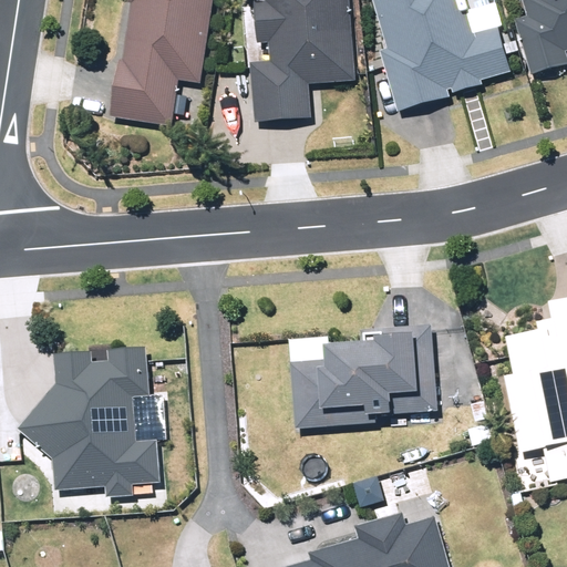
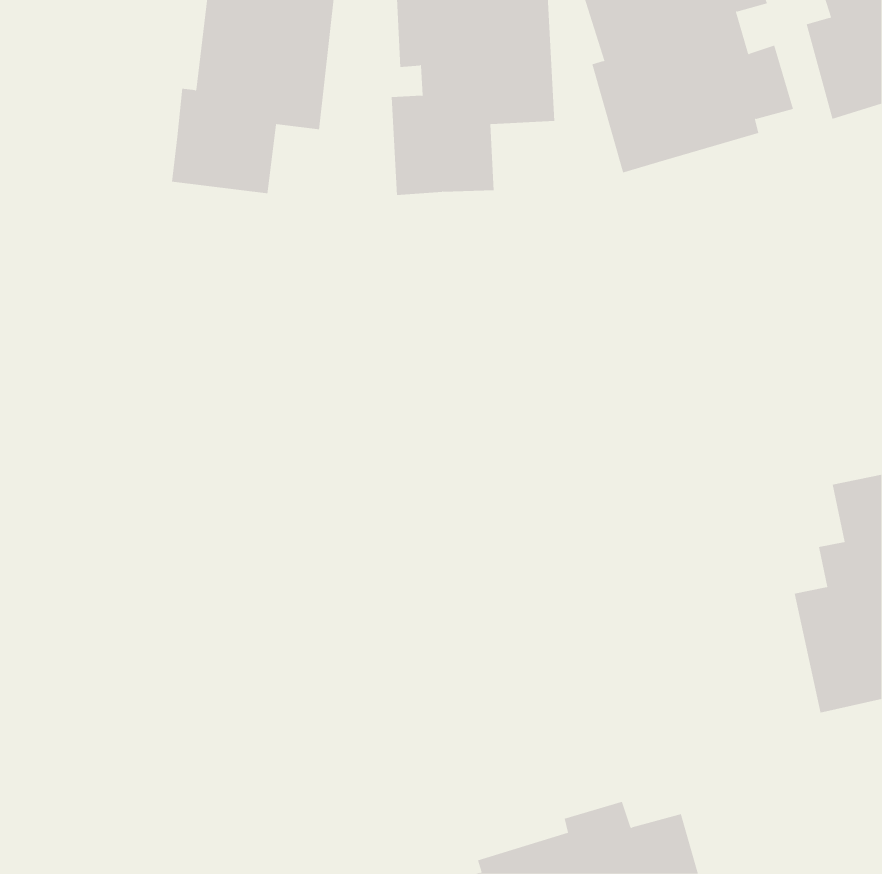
building: [288,329,435,429] -> none
building: [21,348,162,493] -> none

